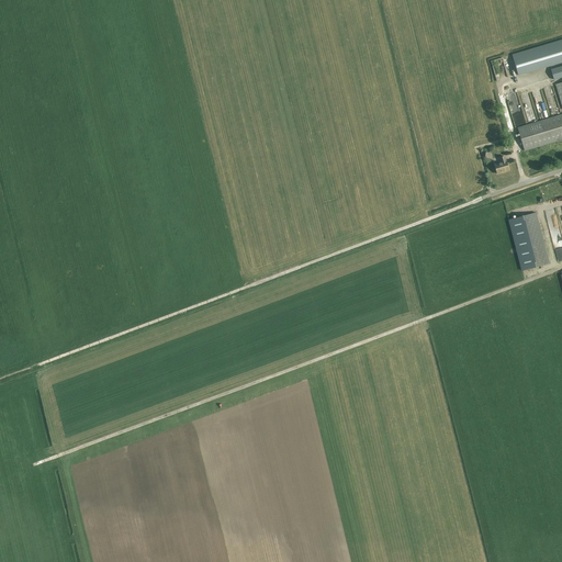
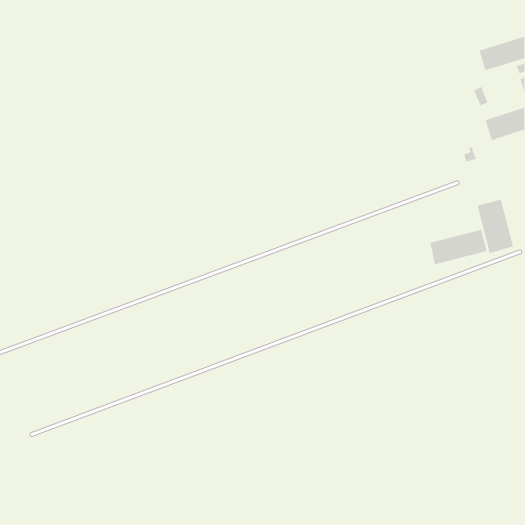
building: none -> [430,229,487,265]

